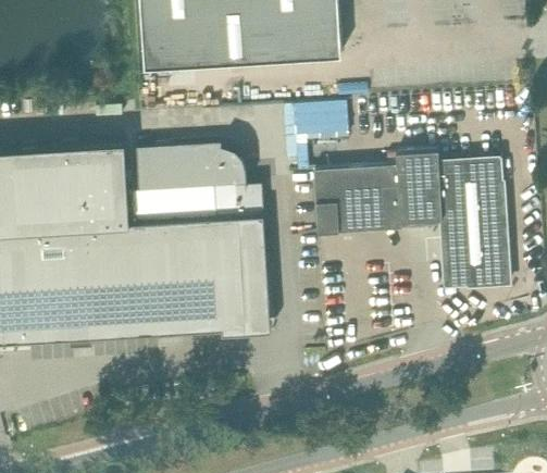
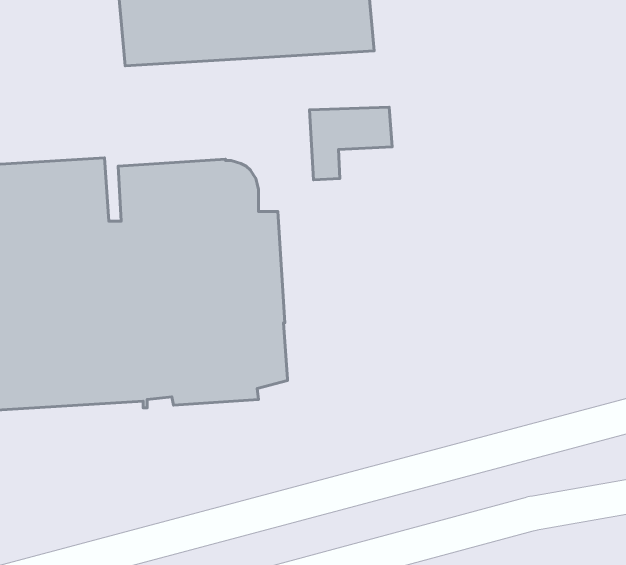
building: [313,150,509,288] -> none

